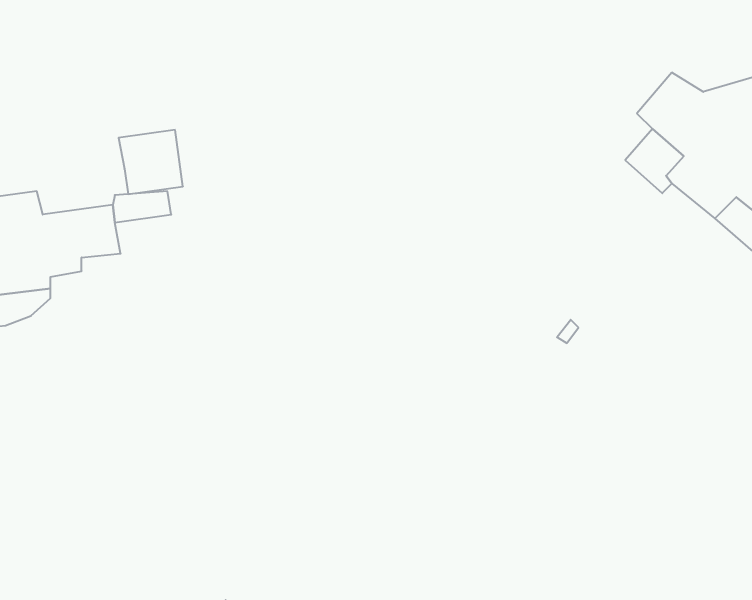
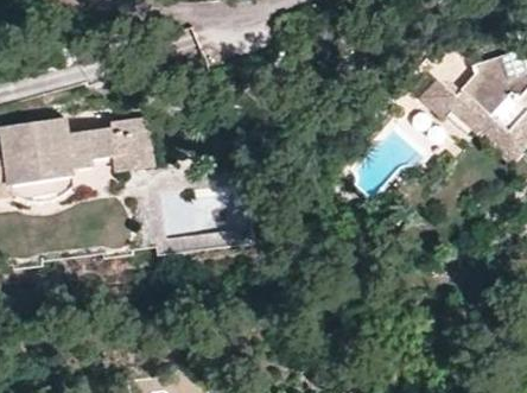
building: [119,130,183,194] -> [109,133,148,172]

